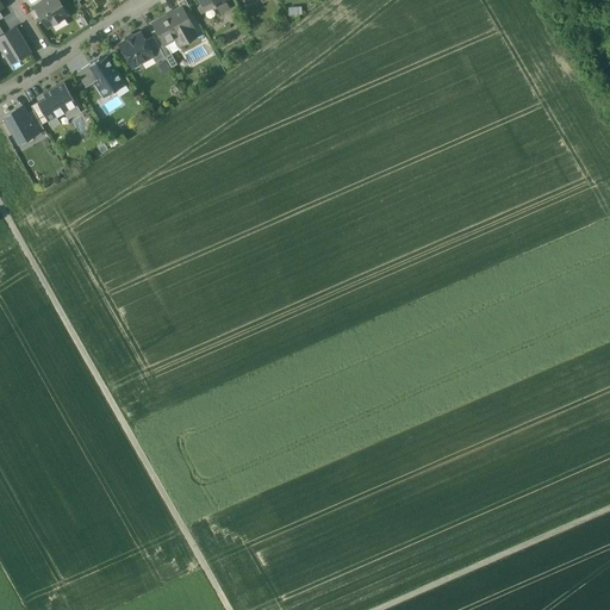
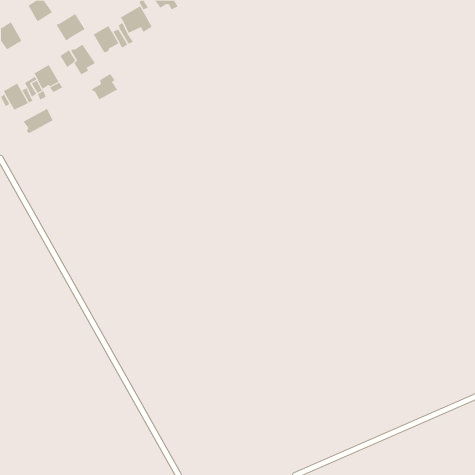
building: none -> [56,13,86,41]
building: none -> [91,73,118,100]
building: none -> [23,108,54,133]

